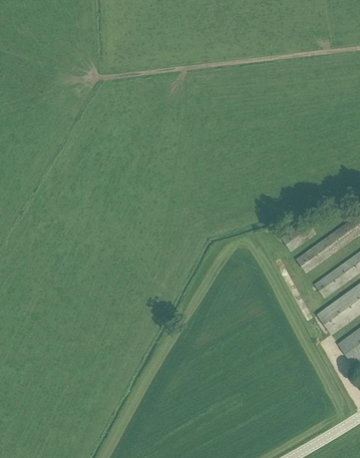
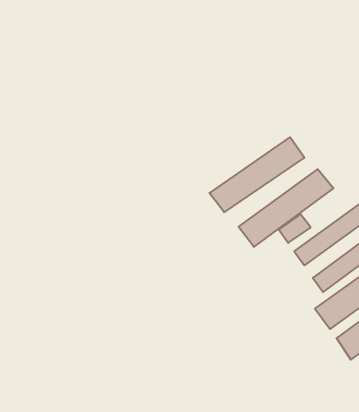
building: none -> [209,137,304,212]
building: none -> [239,169,333,247]

